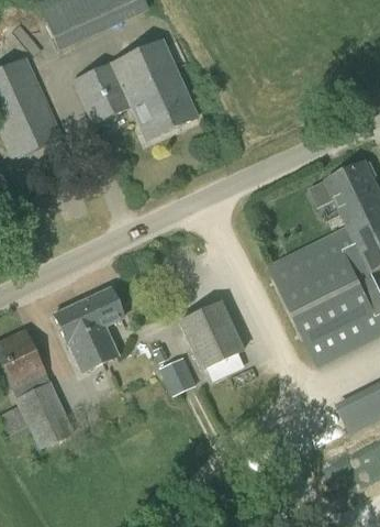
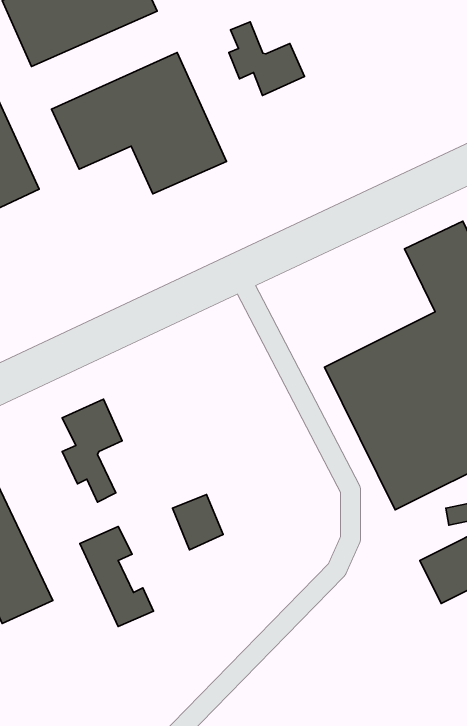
building: none -> [229,22,305,95]
building: [53,300,105,372] -> [80,527,154,626]
building: [178,301,243,370] -> none

